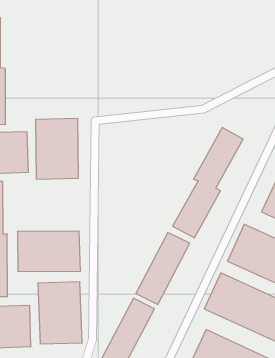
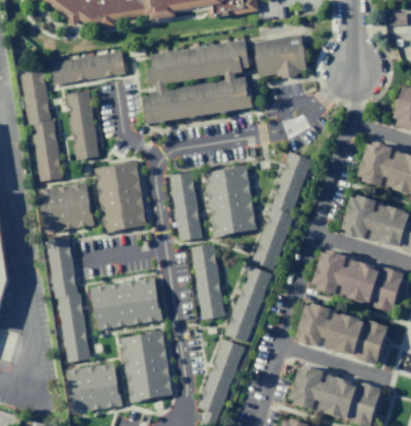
building: none -> [49,53,124,84]
building: none -> [145,41,250,82]
building: none -> [252,36,303,75]
building: none -> [65,92,96,161]
building: none -> [143,80,249,123]
building: none -> [200,165,254,236]
building: none -> [168,173,201,241]
building: none -> [191,245,223,317]

